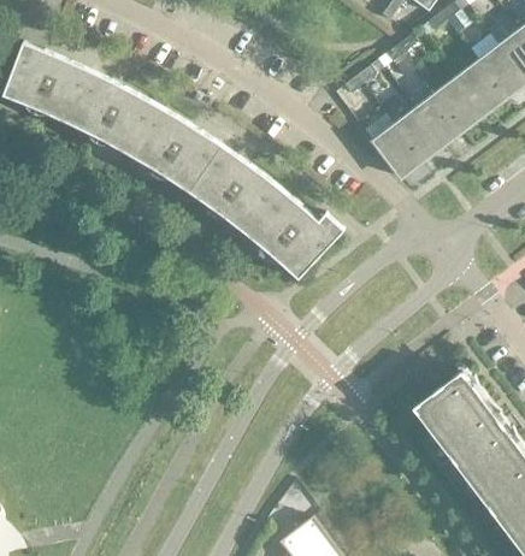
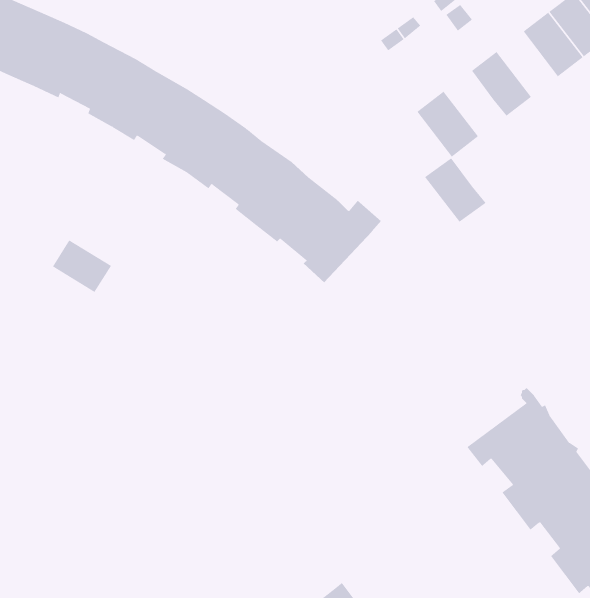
building: [435,79,483,131] -> none
building: [393,111,442,162] -> [424,157,486,223]
building: none -> [52,239,112,293]

